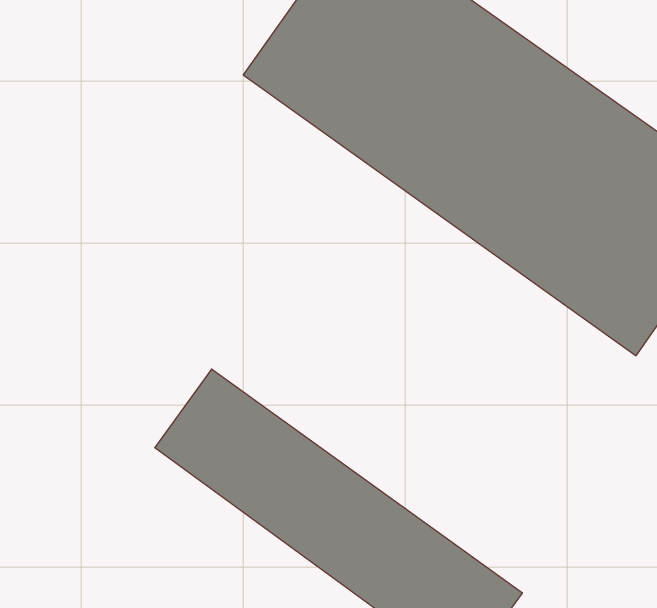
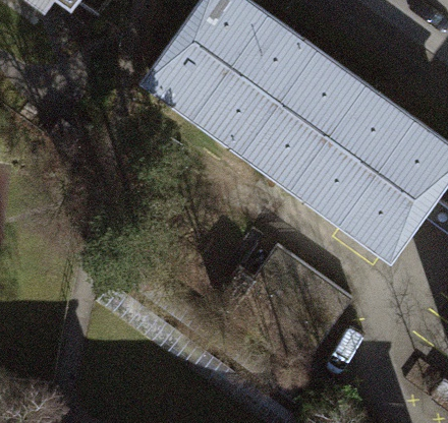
building: none -> [220,250,355,369]

